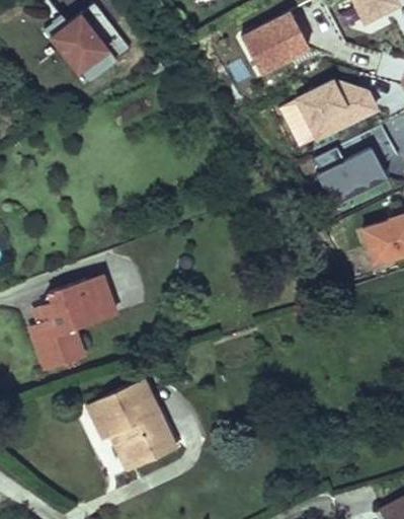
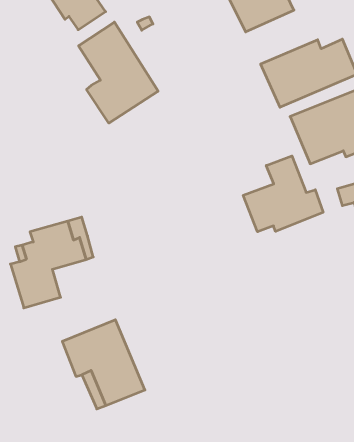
building: none -> [79,22,158,123]
building: none -> [243,156,323,232]

